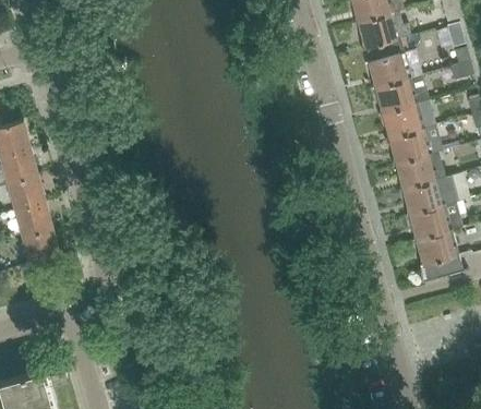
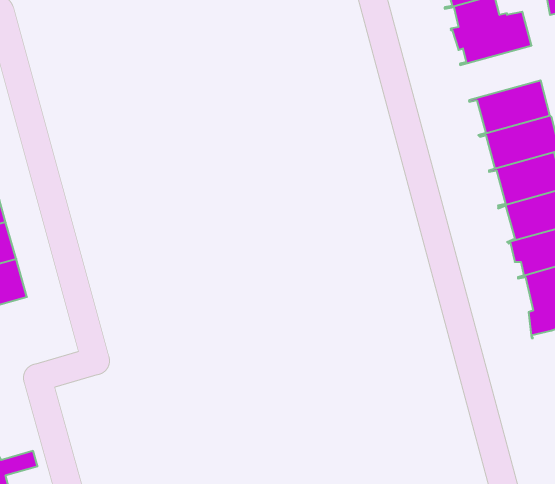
building: [370,73,428,112] -> none

